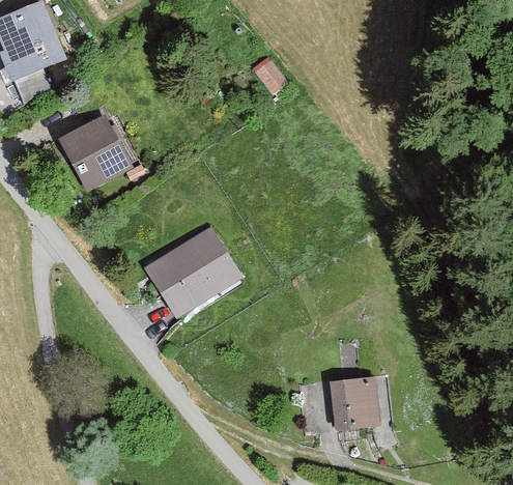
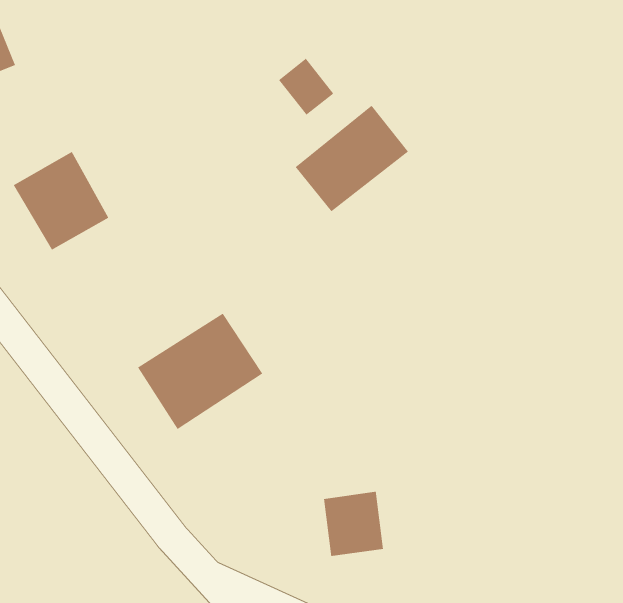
building: none -> [295,105,409,212]
building: [334,381,376,427] -> [323,491,384,556]

